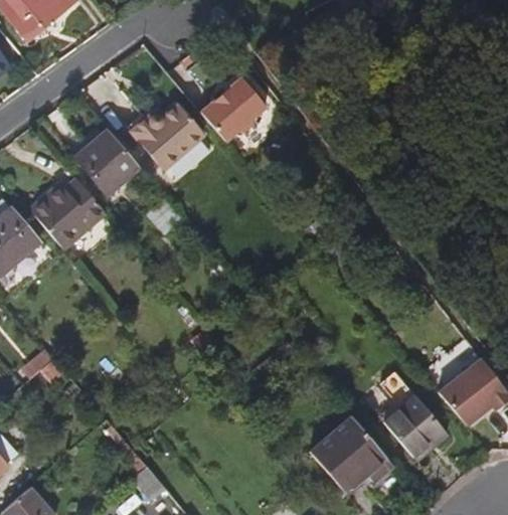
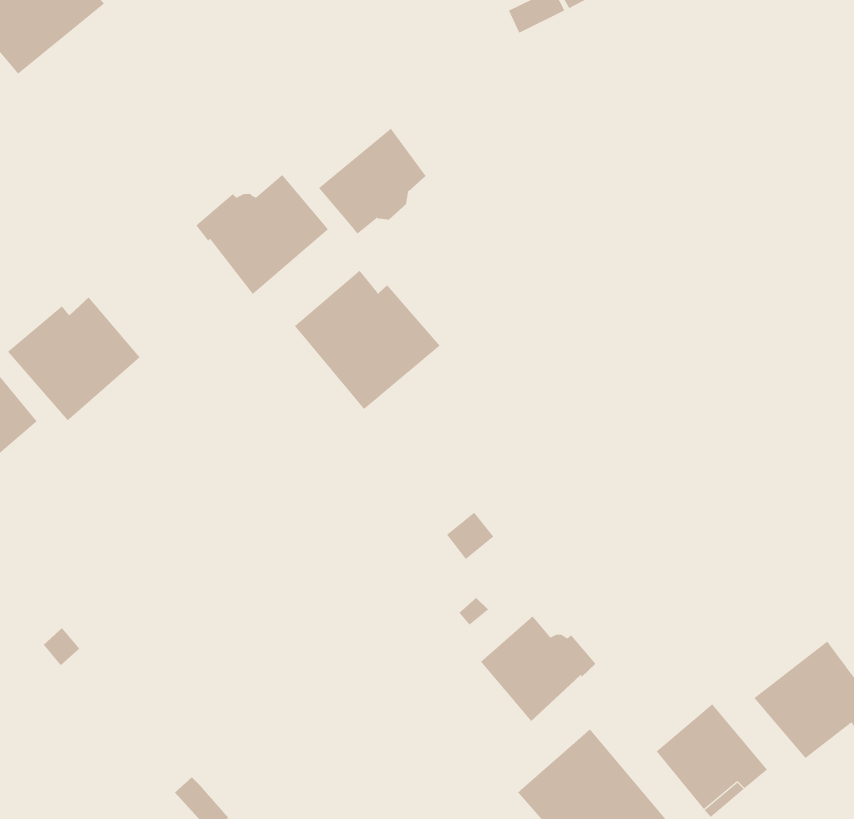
building: [75,129,140,194] -> none
building: none -> [294,270,440,410]
building: none -> [480,616,596,722]

